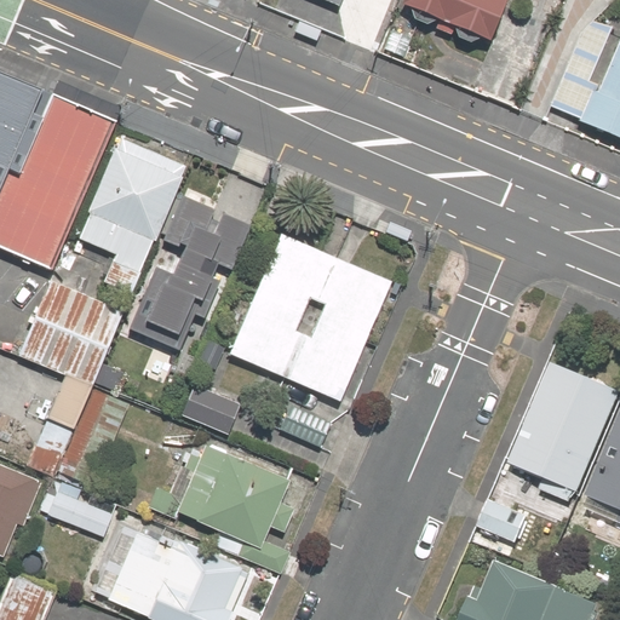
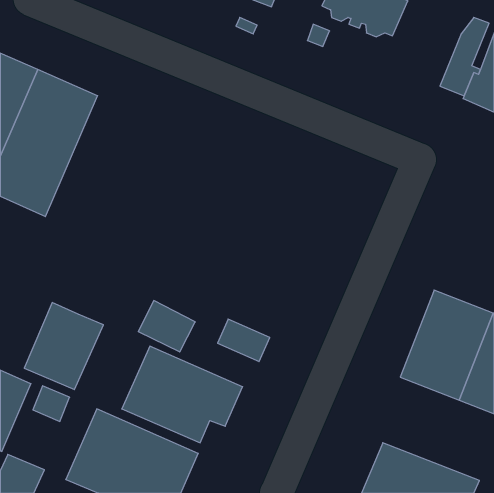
building: [76,138,191,271] -> none
building: [133,199,245,354] -> none
building: [230,234,400,398] -> none
building: [22,282,125,388] -> none

